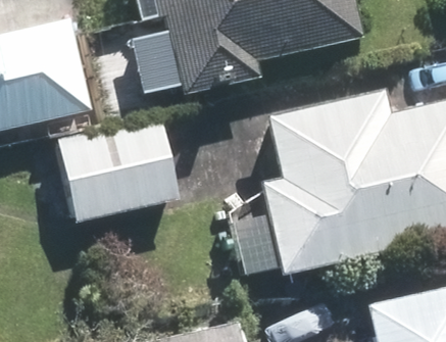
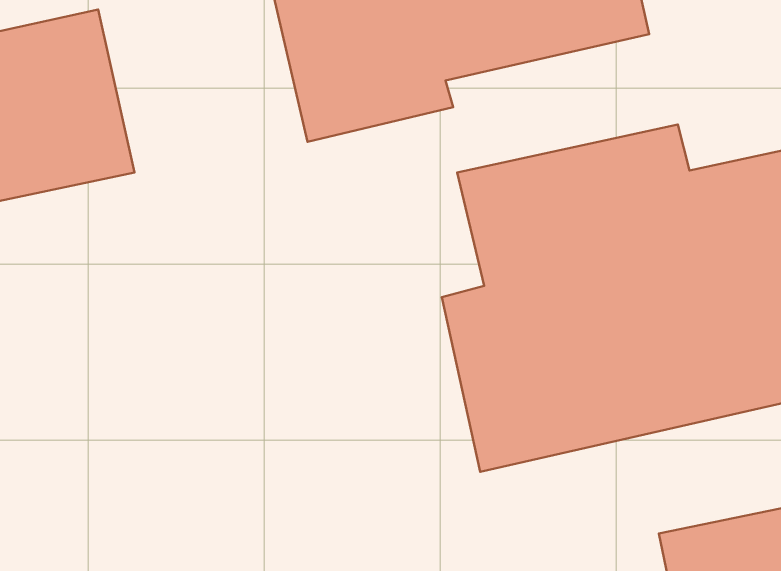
building: [55,118,178,227] -> none

